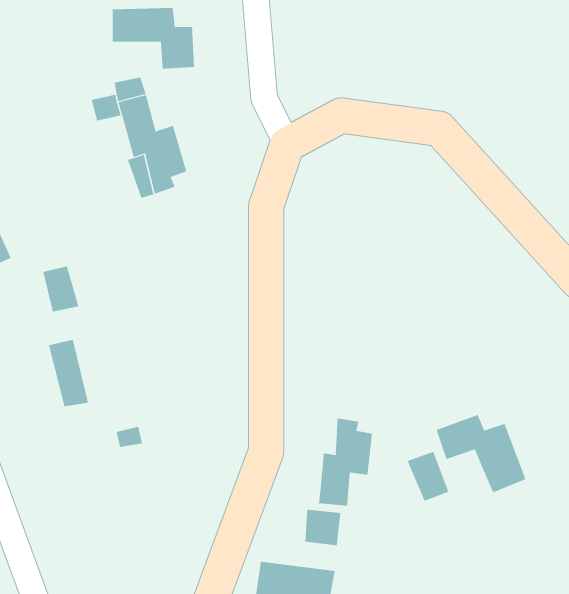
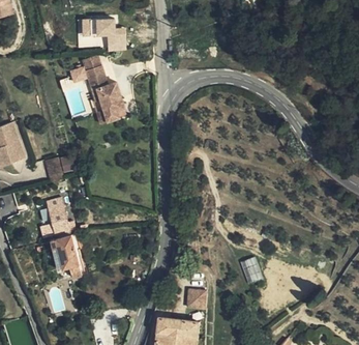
building: none -> [51,235,81,279]
building: [436,414,526,493] -> none
building: [319,417,373,507] -> none

